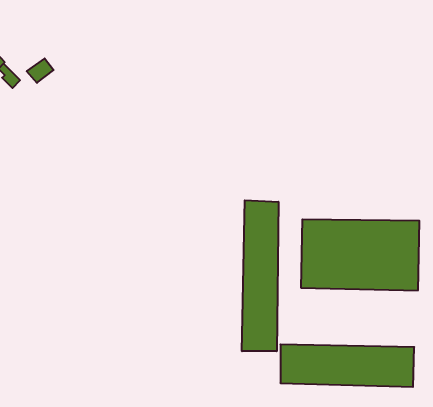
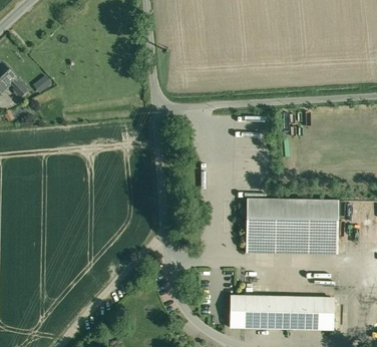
building: [242,200,278,351] -> none

